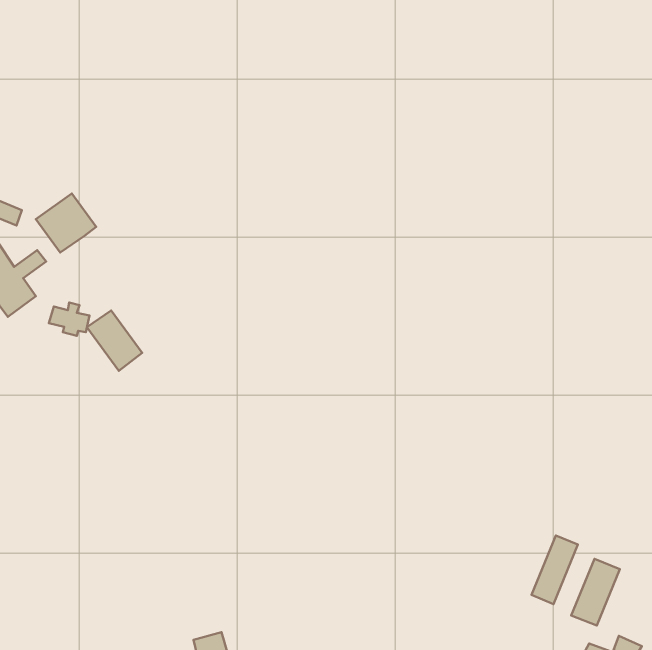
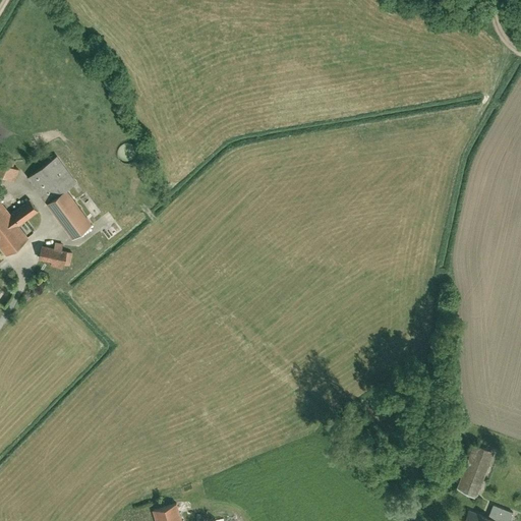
building: [87,310,142,371] -> [48,191,92,239]
building: [531,535,578,604] -> none

